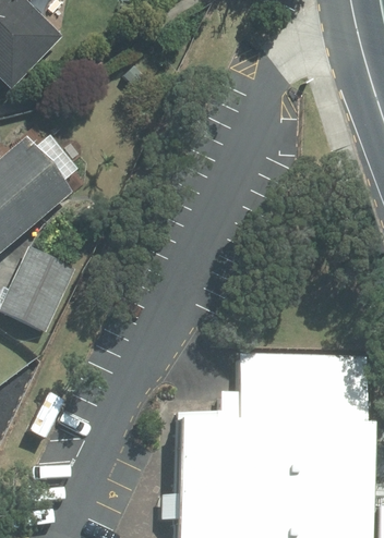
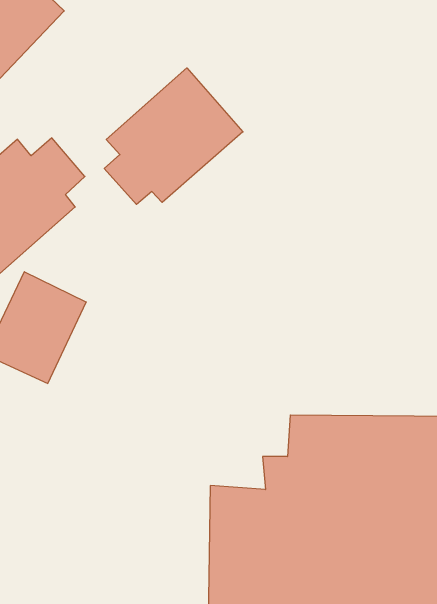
building: none -> [104,68,243,204]

